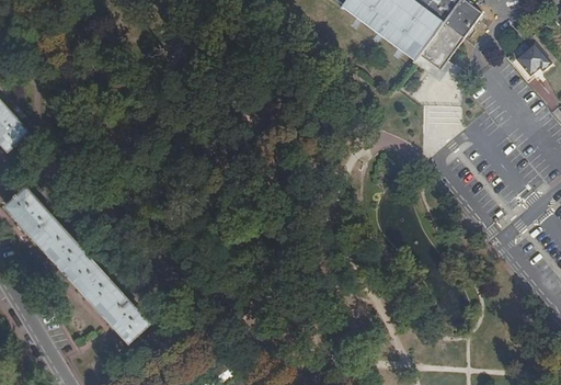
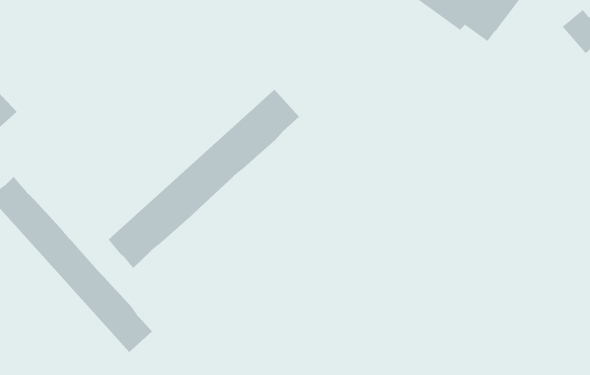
building: none -> [108,89,300,269]

